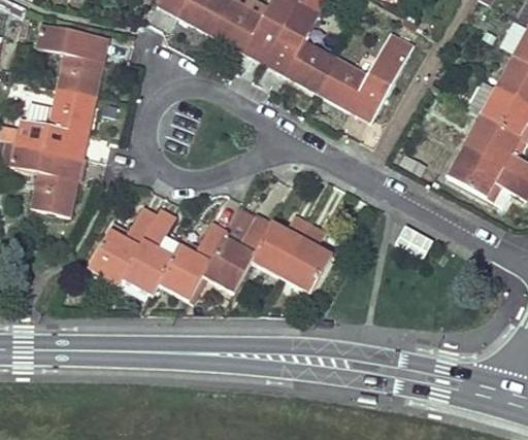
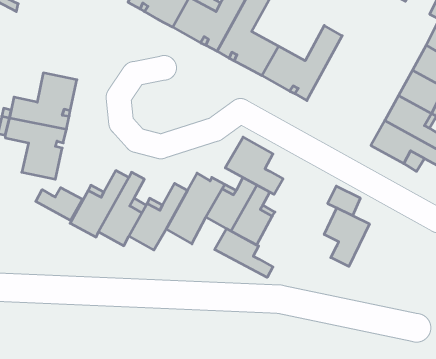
building: [36,23,109,97] -> none
building: none -> [225,137,283,194]
building: none -> [36,188,83,221]
building: none -> [324,208,369,266]
building: none -> [215,229,273,277]

